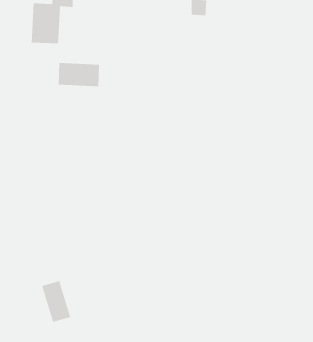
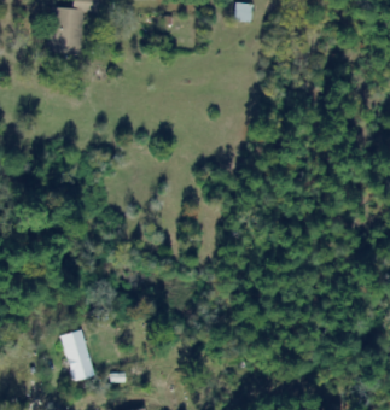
building: [58,62,100,87] -> none

